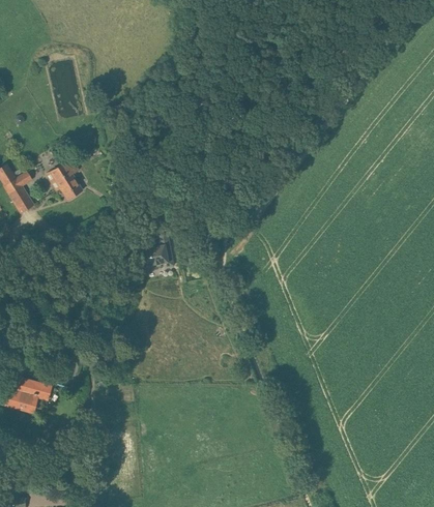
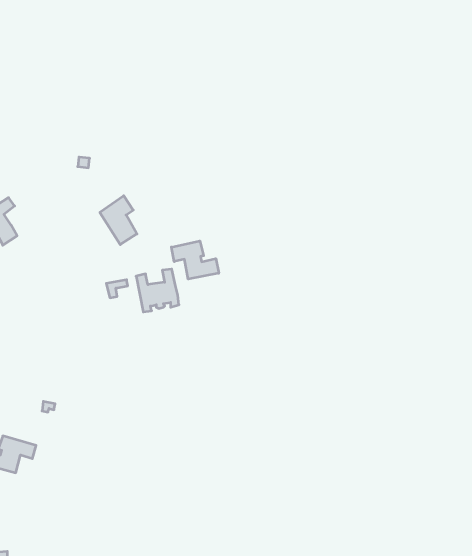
building: [50,158,82,201] -> [100,196,137,245]
building: none -> [171,241,219,279]

